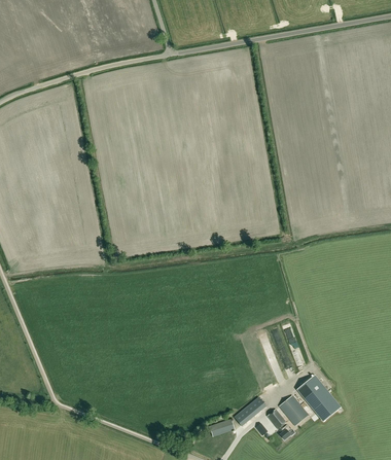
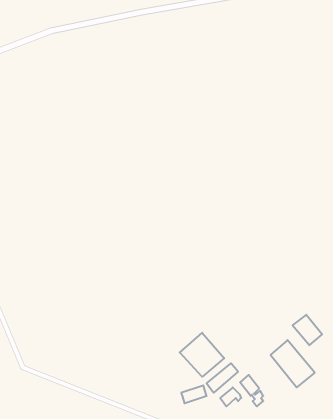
building: none -> [180,333,224,377]
building: [279,394,308,424] -> [293,315,322,345]

